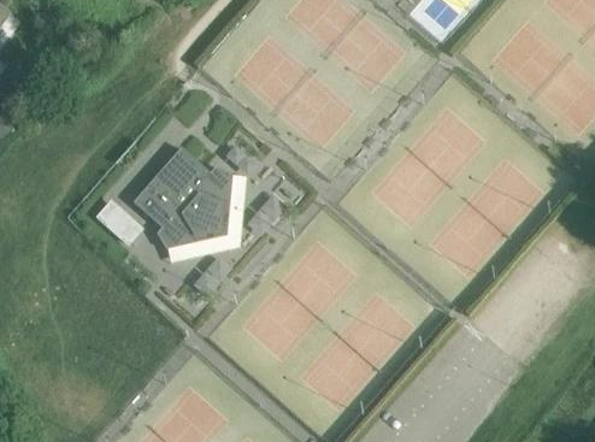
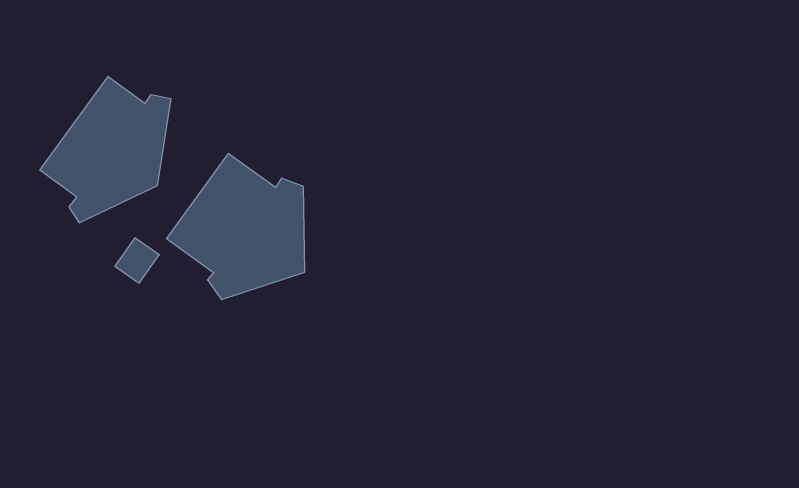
building: none -> [40,76,171,223]

